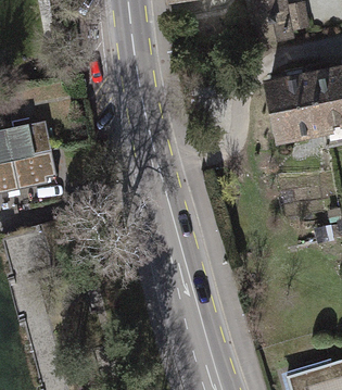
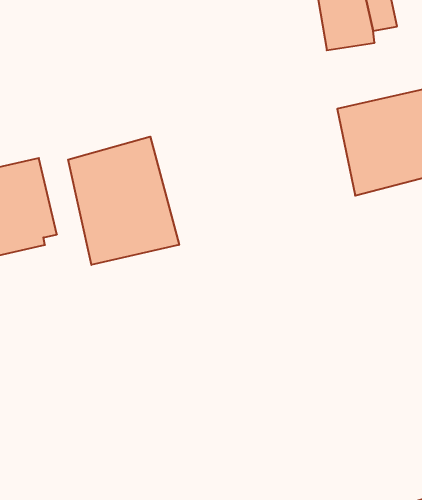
building: none -> [68,137,179,265]

